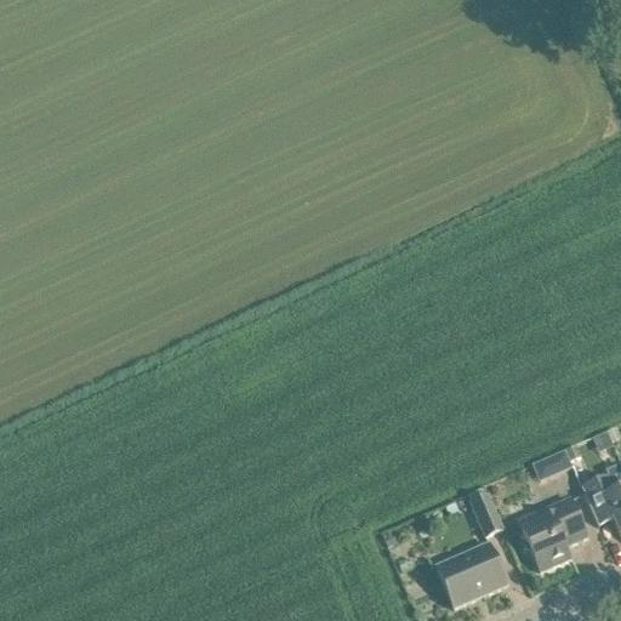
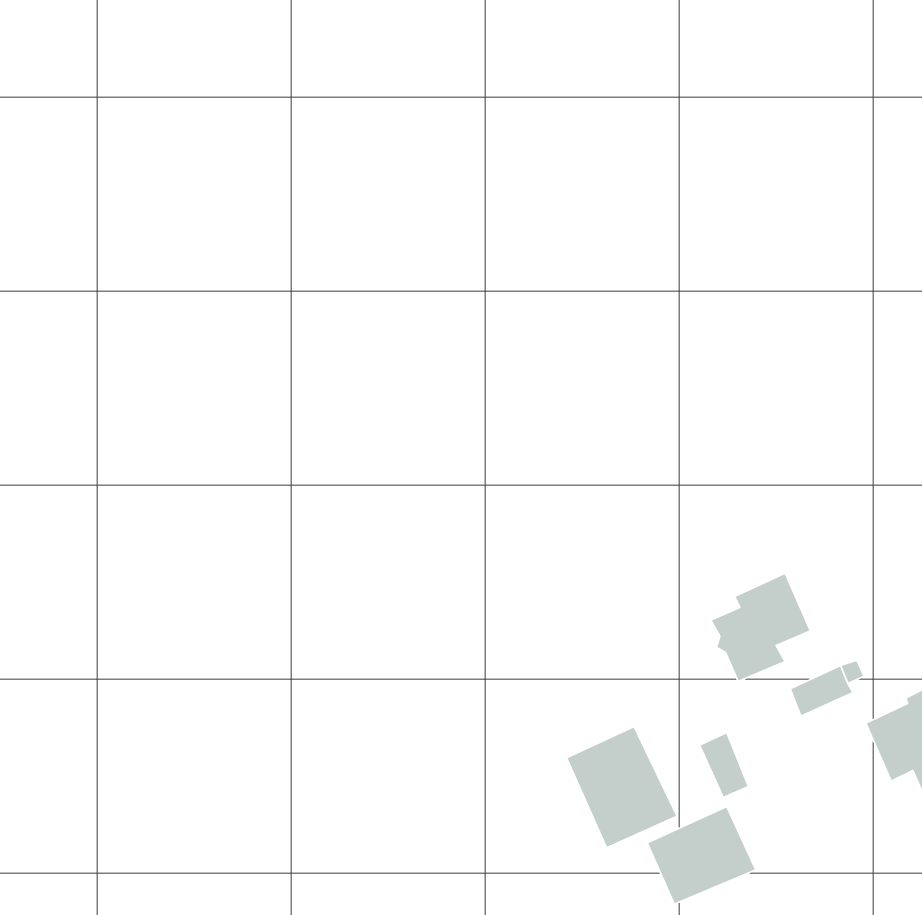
building: none -> [566,727,677,848]
building: [522,496,588,569] -> [711,573,810,682]

